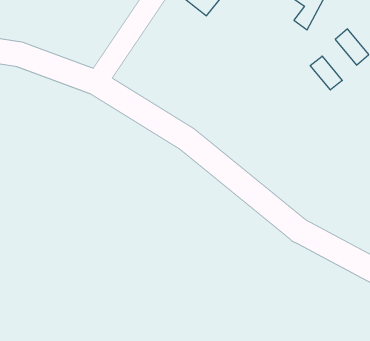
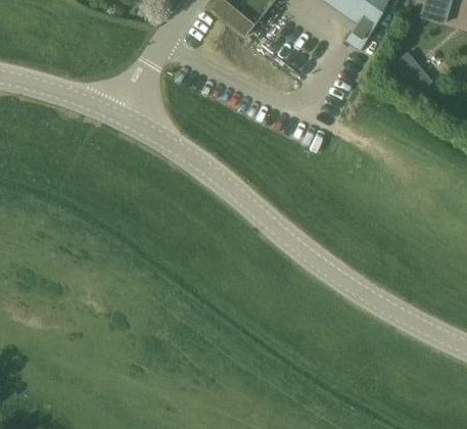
building: [310,56,342,90] -> none

